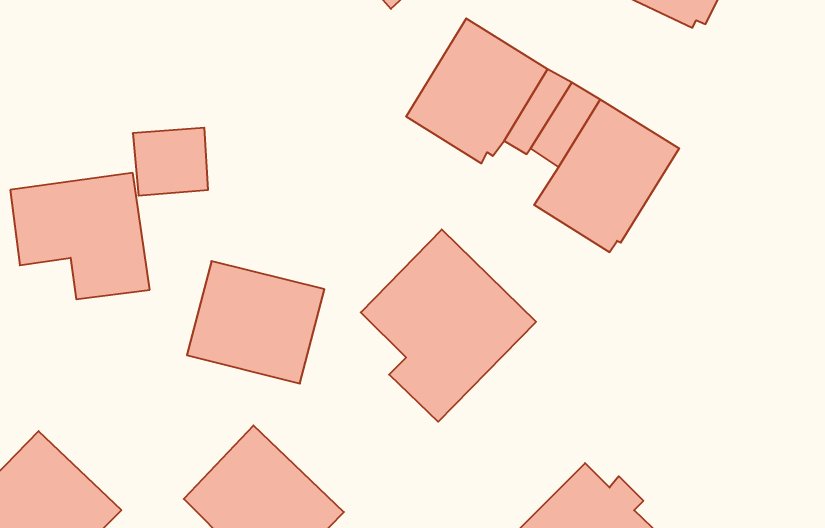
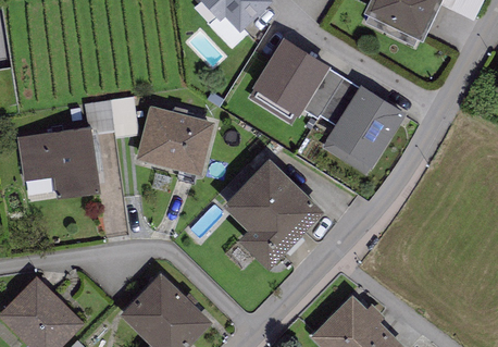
building: [187,261,324,384] -> [135,106,214,176]

